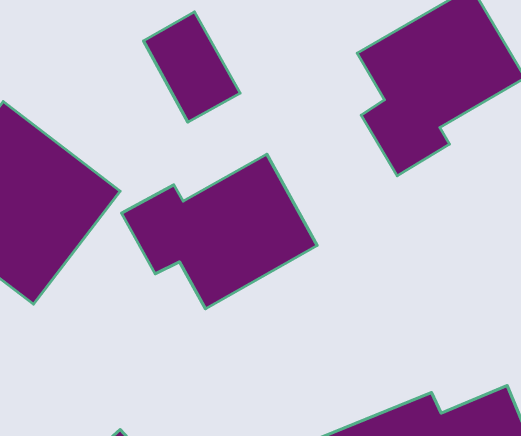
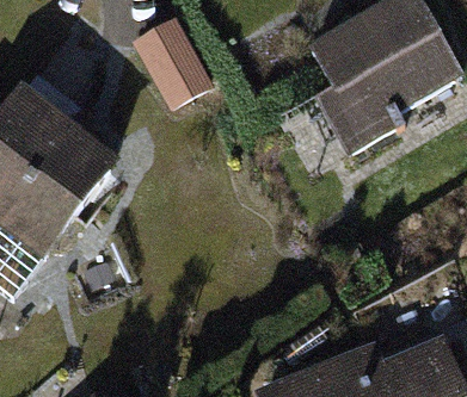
building: [122,154,317,309] -> none

